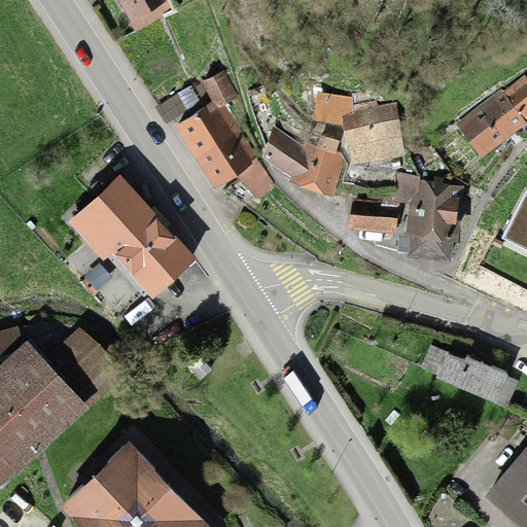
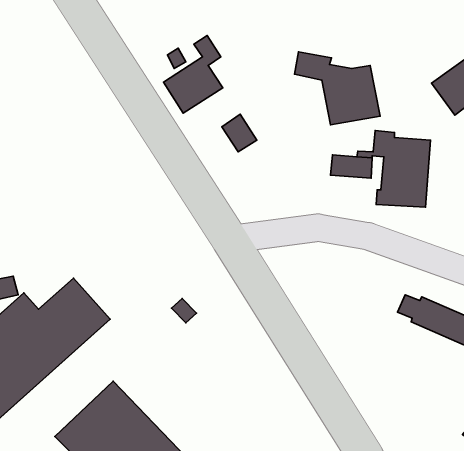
building: [196,131,256,186] -> none
building: [269,132,342,191] -> none
building: [71,182,189,291] -> none

